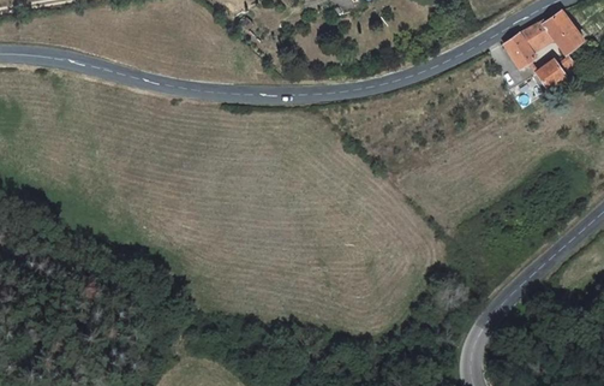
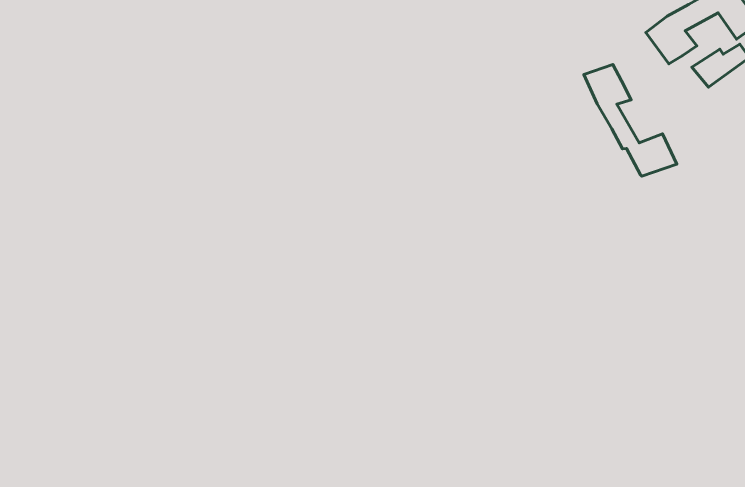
building: none -> [584,65,677,176]

